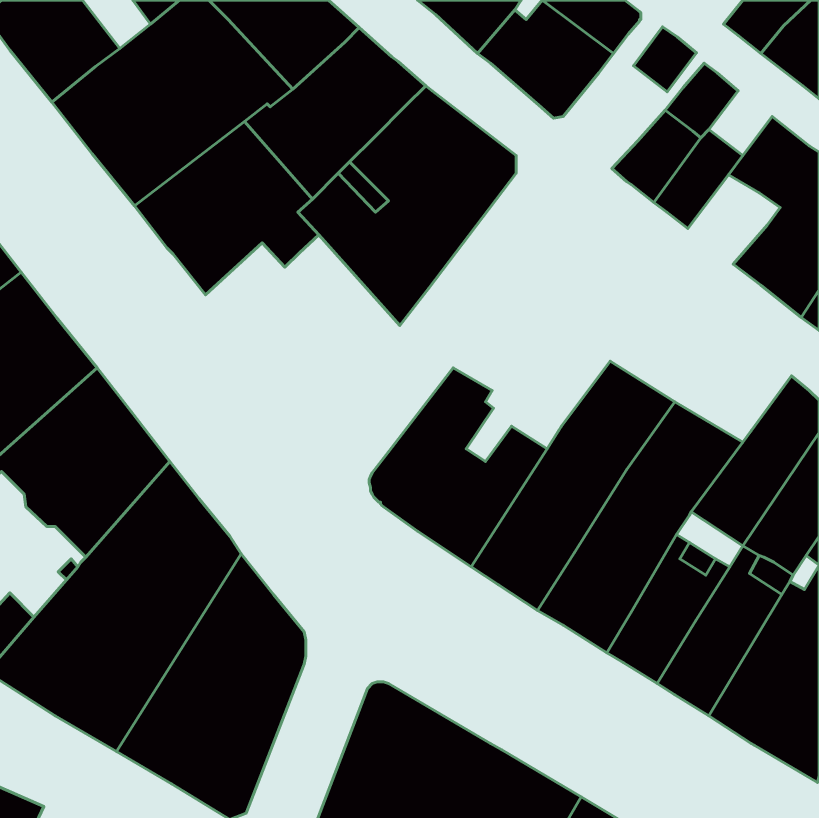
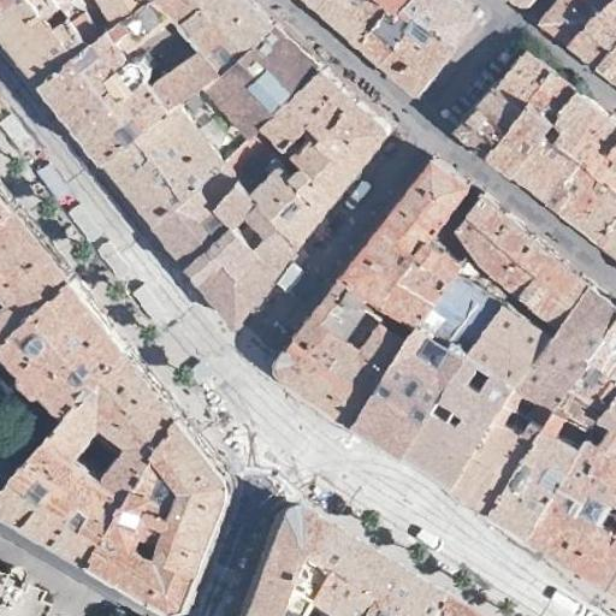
building: [633,27,696,92] -> [527,75,574,123]
building: none -> [511,137,580,203]
building: none -> [337,161,466,327]
building: none -> [153,182,297,330]
building: none -> [455,197,588,327]

